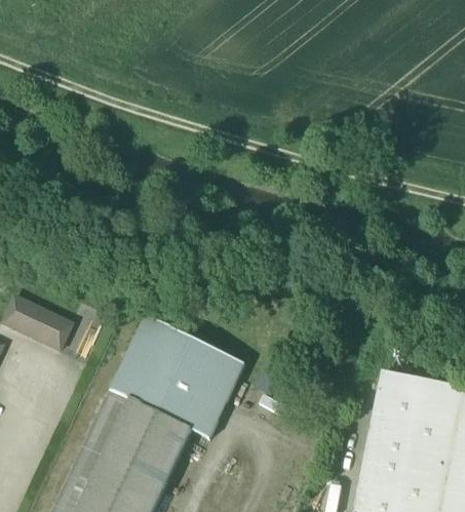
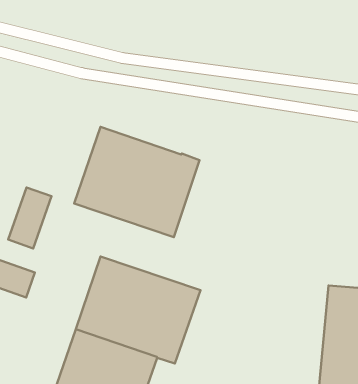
building: none -> [74,127,199,237]
building: none -> [8,187,51,248]

